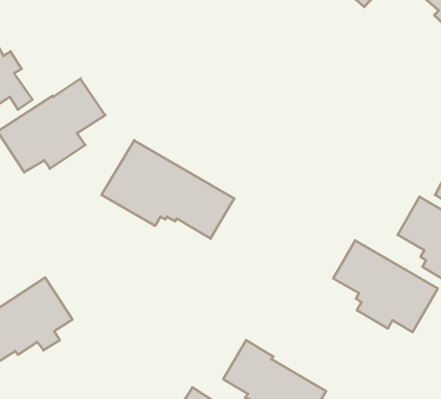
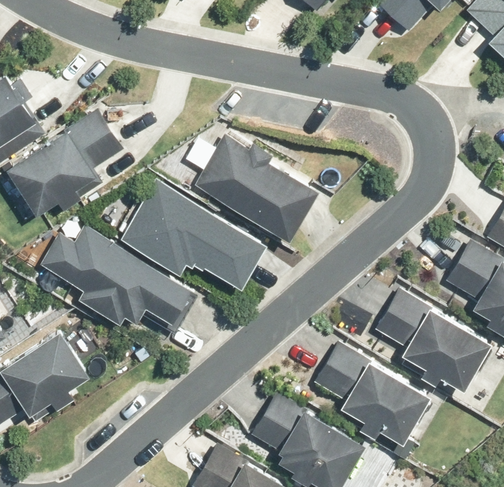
building: none -> [194,135,318,240]
building: none -> [40,227,191,324]
building: none -> [314,343,430,443]

